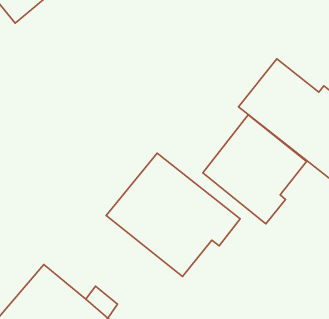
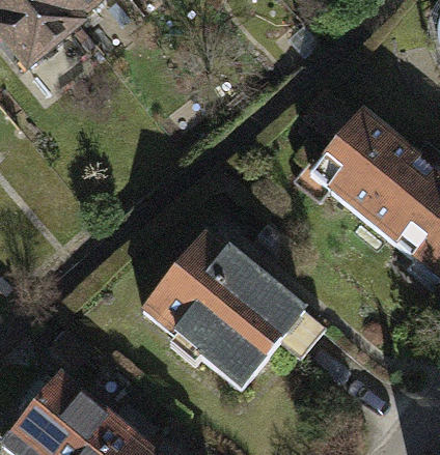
building: [203,115,307,224] -> none

